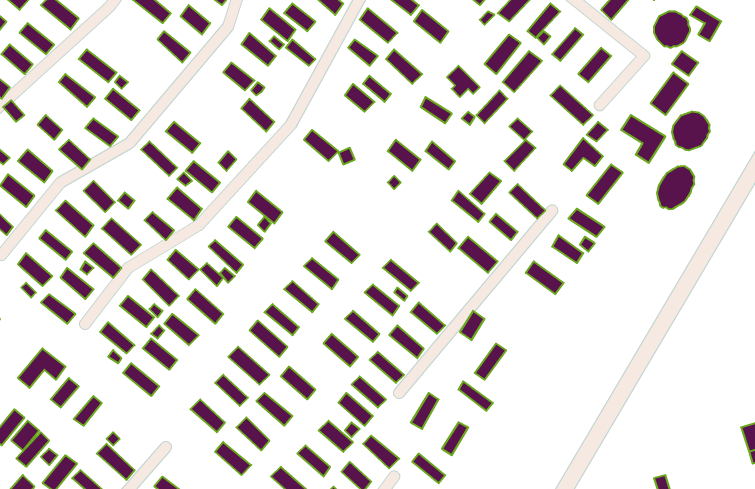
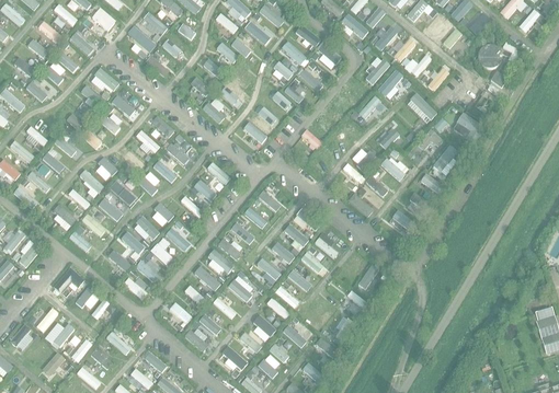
building: [672,111,710,150] -> none
building: [657,166,694,209] -> none

